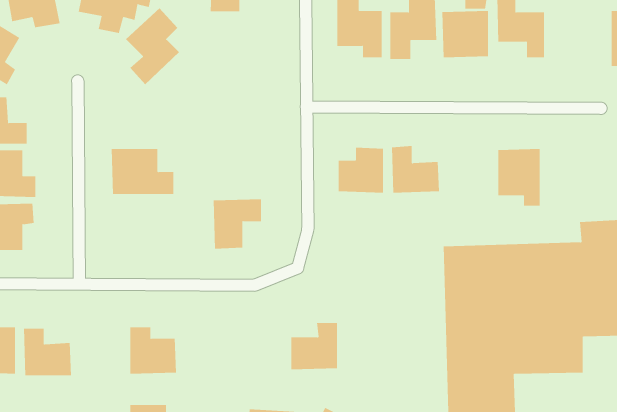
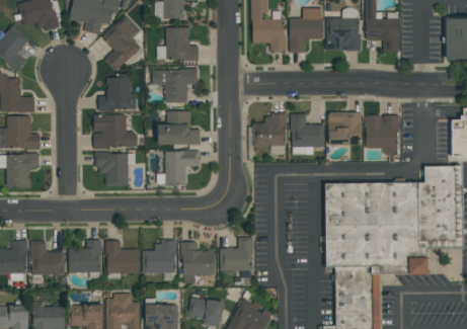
building: none -> [156,27,198,61]
building: none -> [152,69,198,103]
building: none -> [97,78,136,111]
building: none -> [156,111,200,146]
building: none -> [327,112,360,146]
building: none -> [95,153,135,186]
building: none -> [68,241,100,273]
building: none -> [142,242,175,273]
building: none -> [181,243,214,284]

